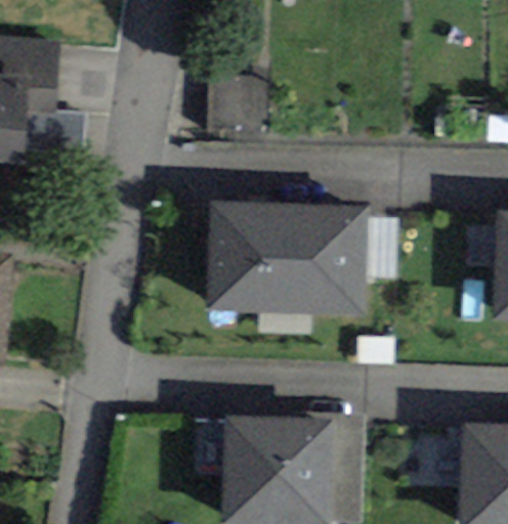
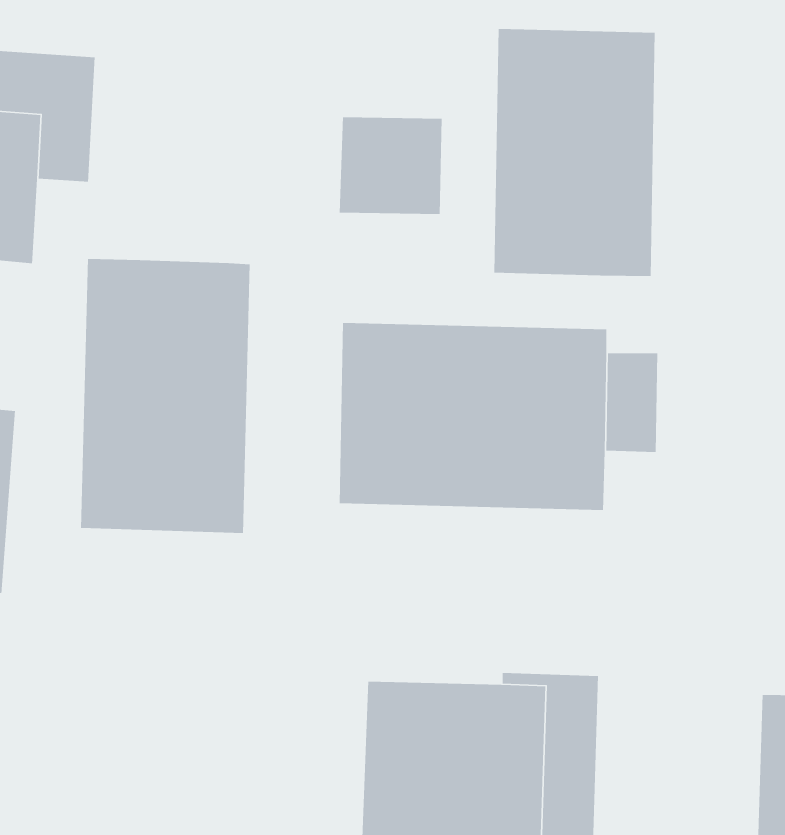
building: none -> [494,28,656,277]
building: none -> [80,258,251,534]

